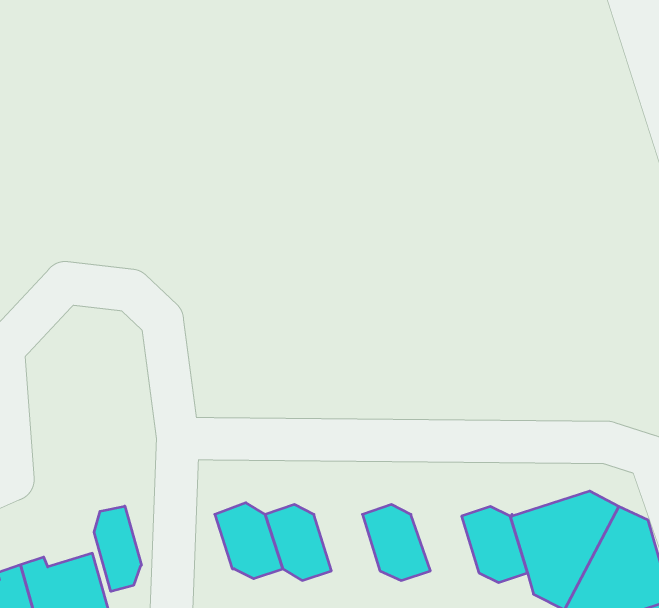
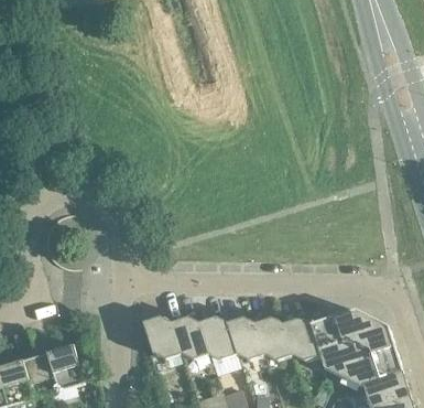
building: none -> [197,318,235,361]
building: [94,506,141,591] -> none
building: none -> [252,319,291,361]

